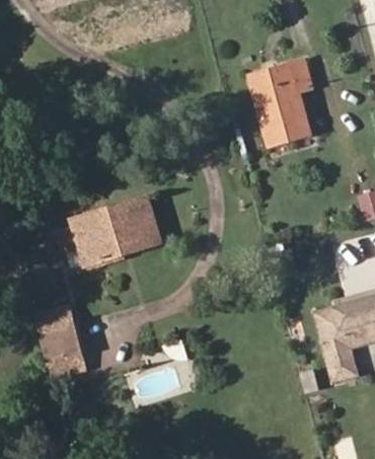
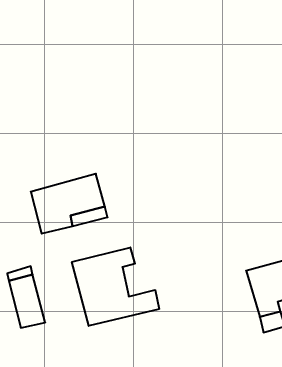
building: [249,58,311,143] -> none
building: none -> [72,247,159,326]

